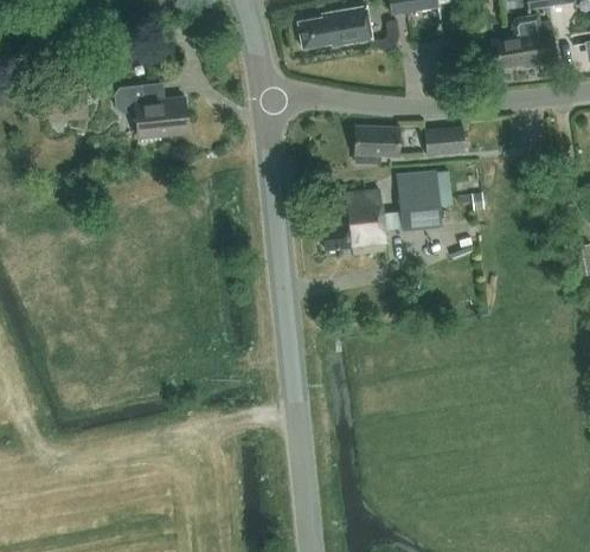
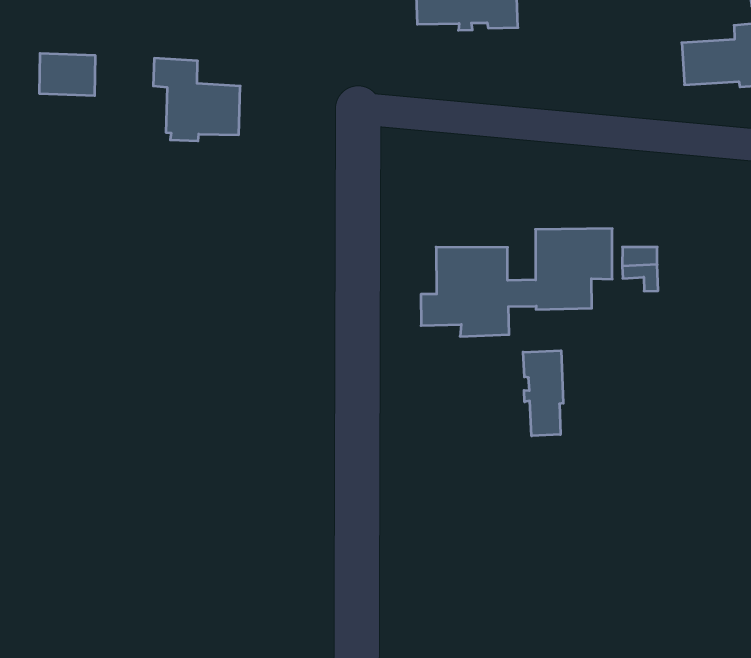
building: [354,124,399,160] -> none
building: [424,126,464,154] -> none
building: none -> [523,351,563,436]

